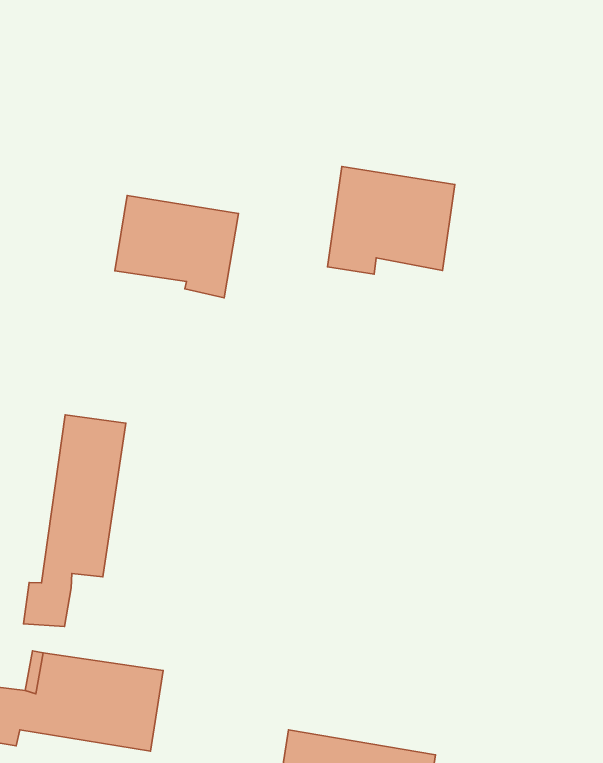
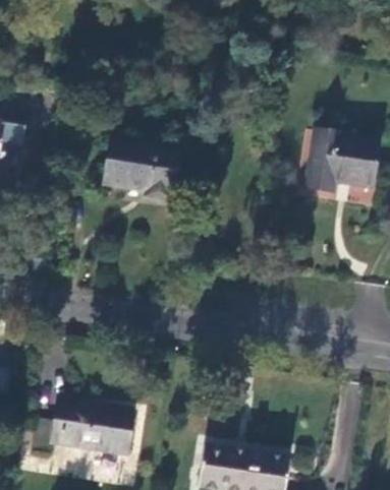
building: [328,167,455,274] -> [305,130,378,191]
building: [23,415,126,626] -> none

